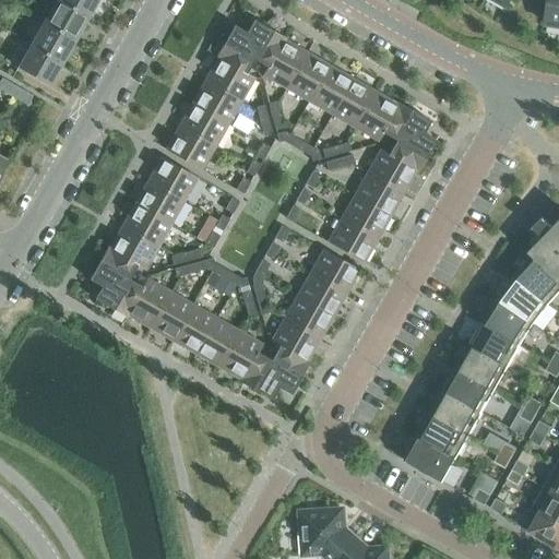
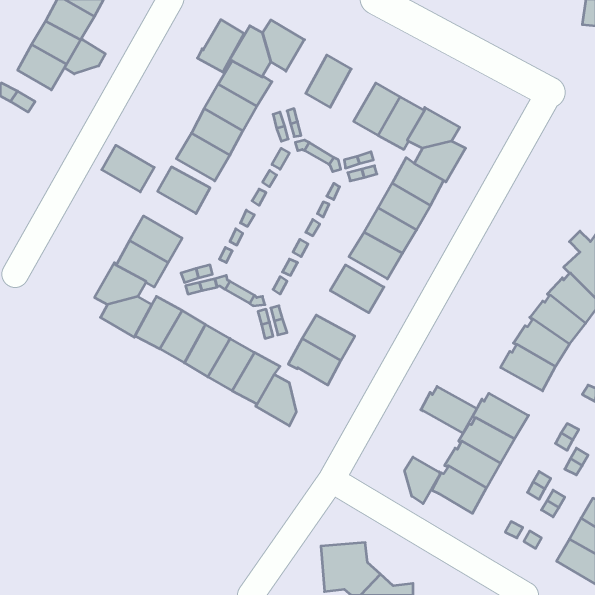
building: none -> [65,39,105,74]
building: [263,38,307,87] -> [197,20,244,72]
building: [310,64,353,114] -> none
building: [135,179,185,223] -> [102,145,154,192]
building: [297,272,346,314] -> none
building: [272,344,310,393] -> none
building: [456,345,509,389] -> [421,386,477,433]
building: none -> [405,457,441,504]

